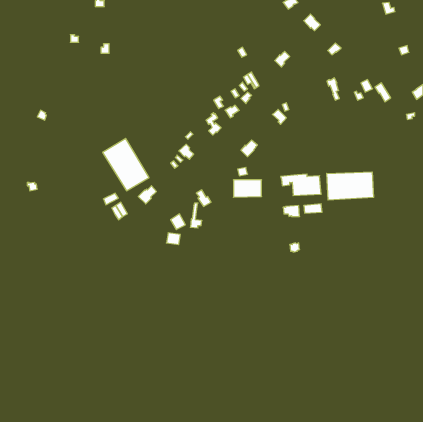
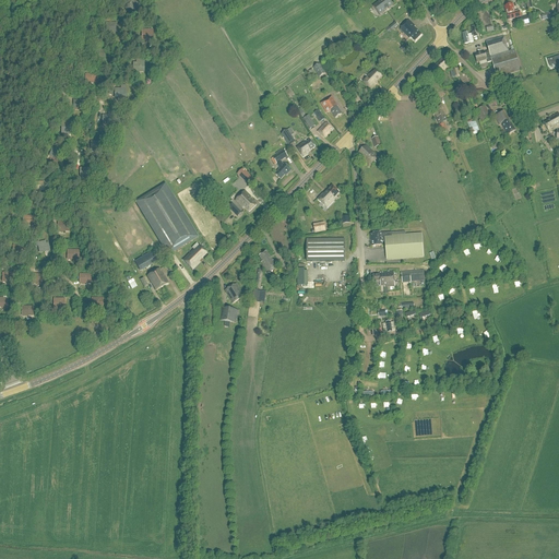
building: none -> [475,35,521,76]
building: [327,172,374,200] -> none

